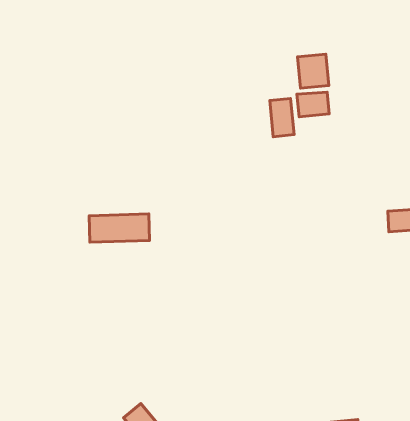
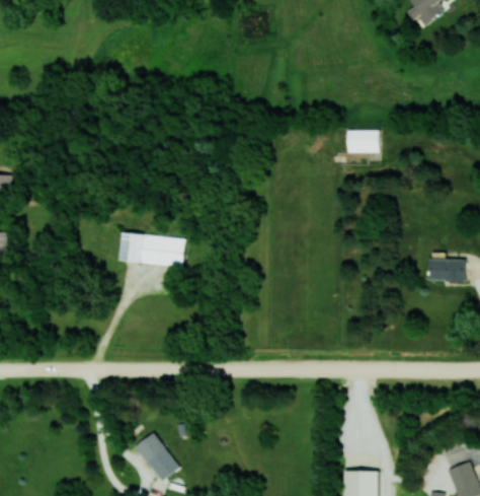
building: [297,54,329,88] -> none
building: [270,98,294,137] -> none

